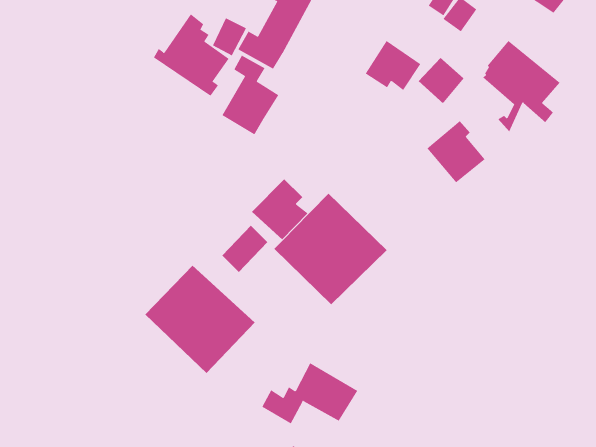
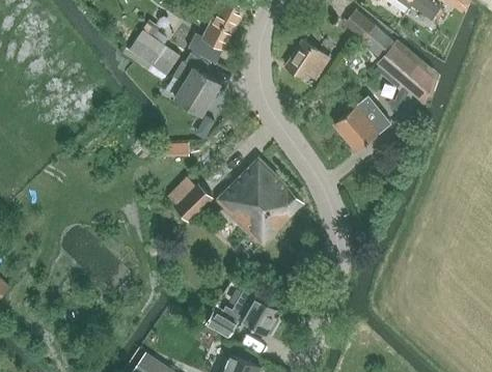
building: [418,57,465,104] -> [360,24,397,60]
building: [251,179,309,240] -> none
building: [145,265,255,374] -> none

